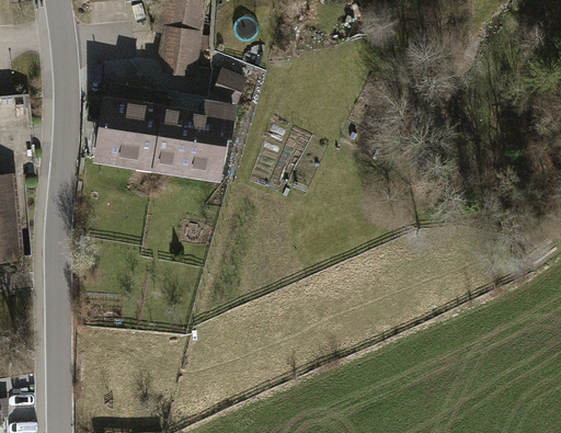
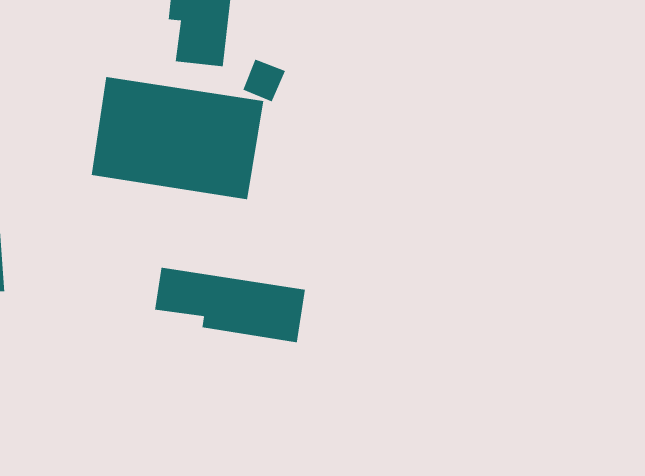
building: none -> [154,267,306,343]

